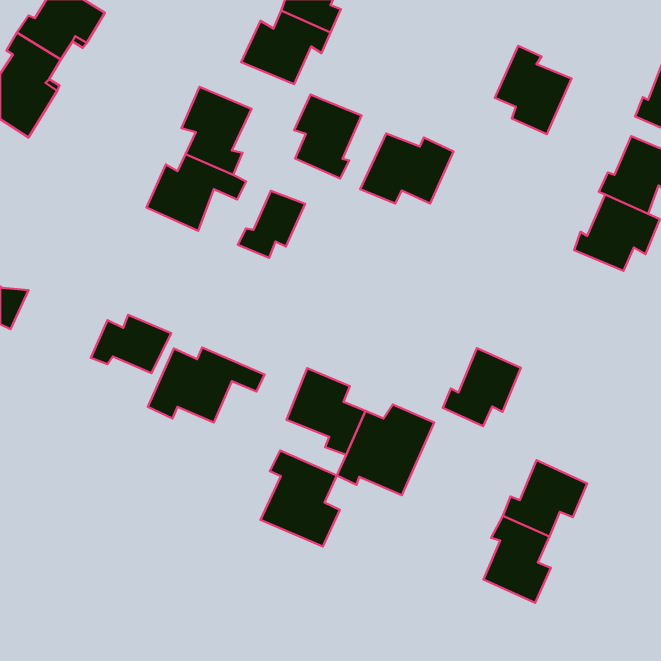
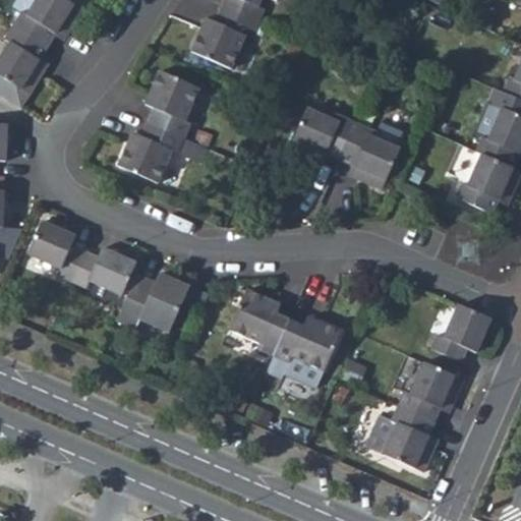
building: [495,46,571,134] -> [339,119,399,188]
building: [294,94,361,179] -> none
building: [238,191,305,258] -> none
building: none -> [27,220,85,281]
building: [443,348,521,426] -> [427,303,488,364]
building: [260,451,340,546] -> none

